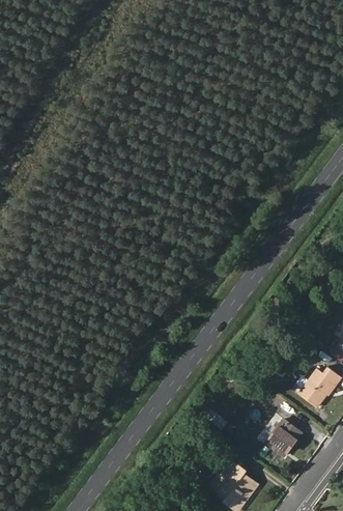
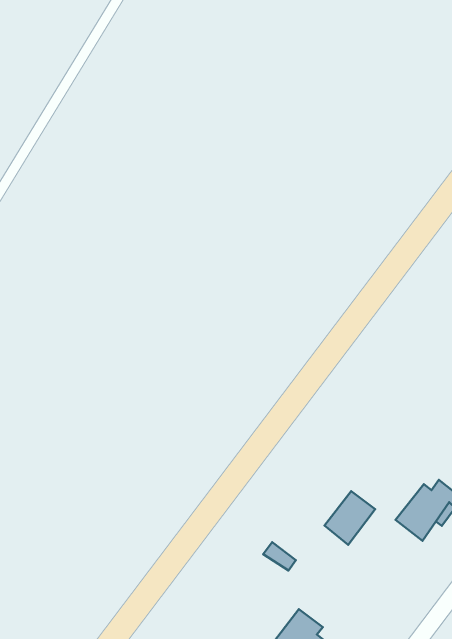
building: [267,418,303,455] -> [325,491,375,545]

